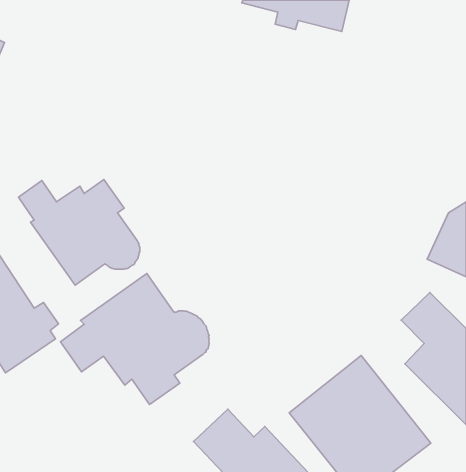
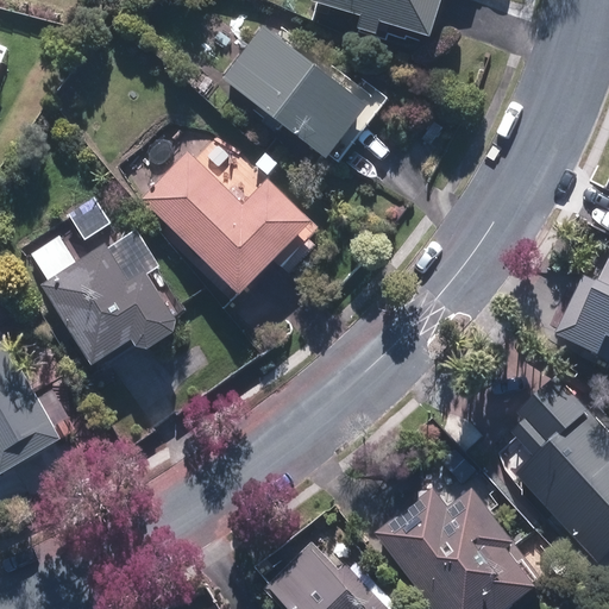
building: none -> [215,14,384,167]
building: none -> [138,150,313,297]
building: [60,274,209,405] -> none

